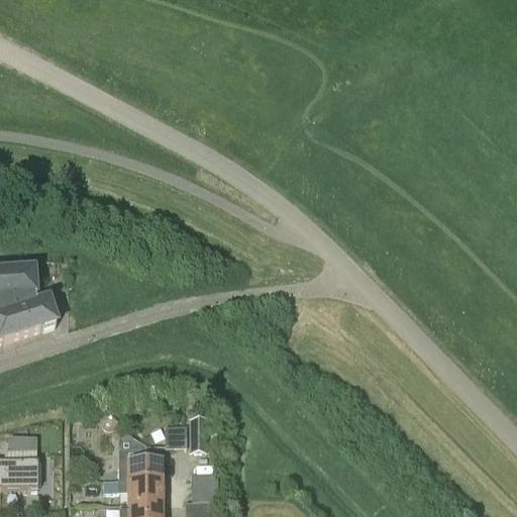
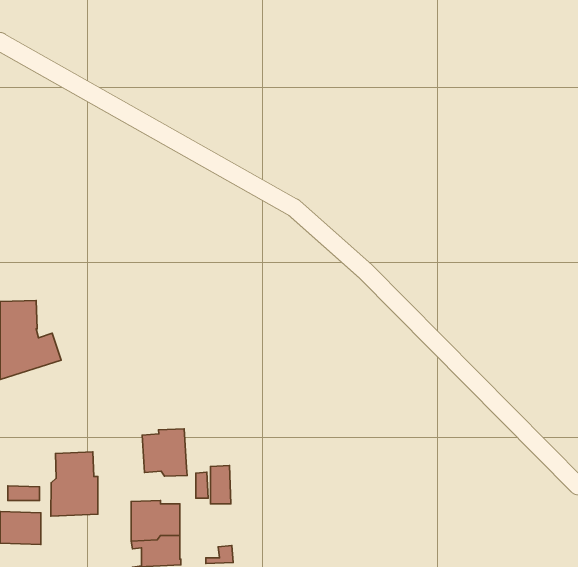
building: none -> [142,429,187,476]
building: none -> [51,452,98,516]

